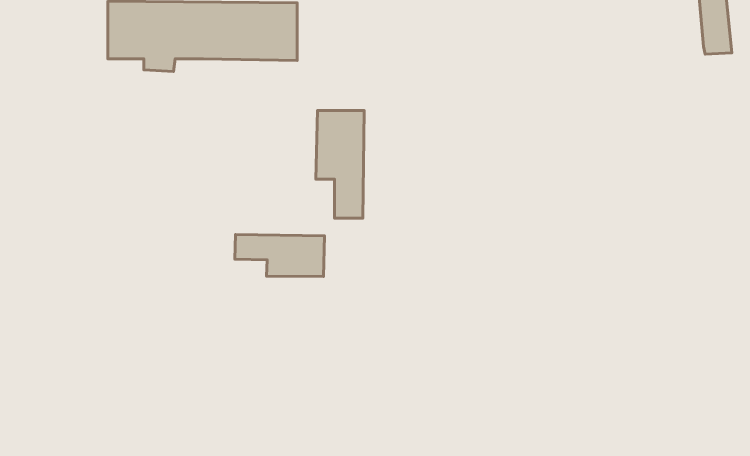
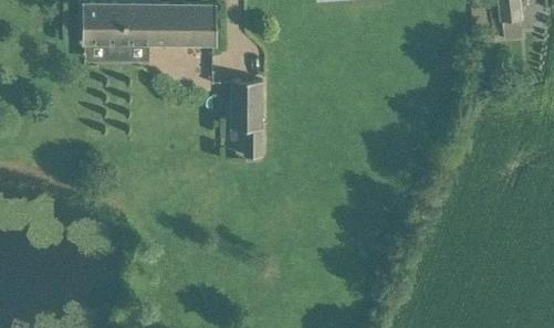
building: [235,235,325,277] -> none

